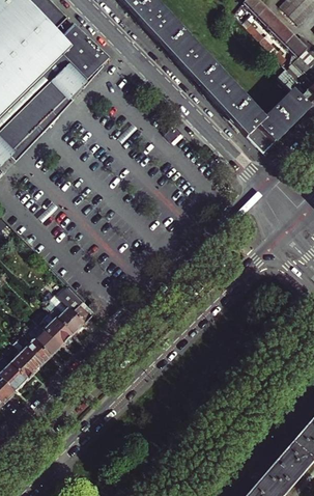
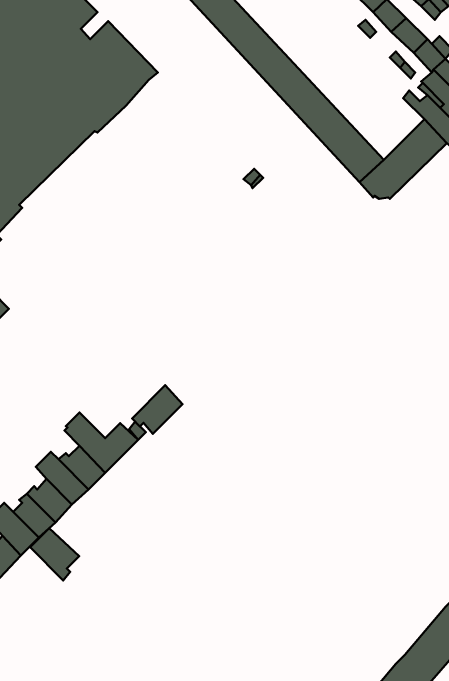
building: none -> [132,385,182,434]
building: none -> [30,528,79,580]

